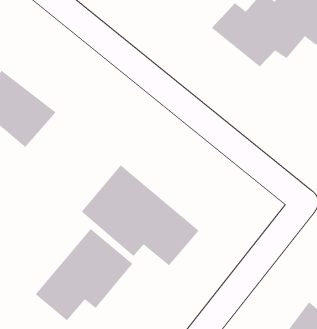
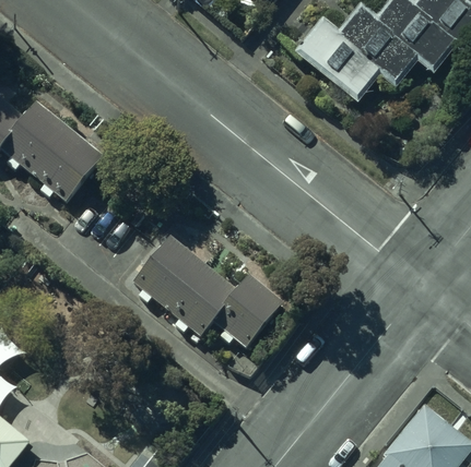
building: [35,228,133,321] -> none

